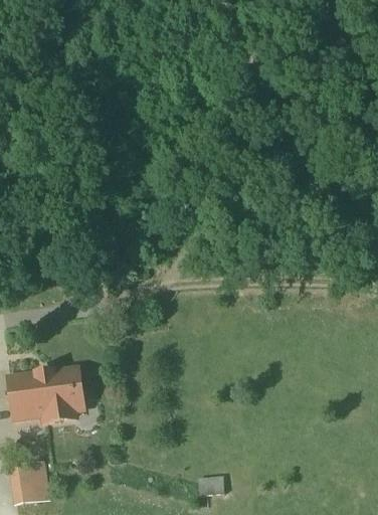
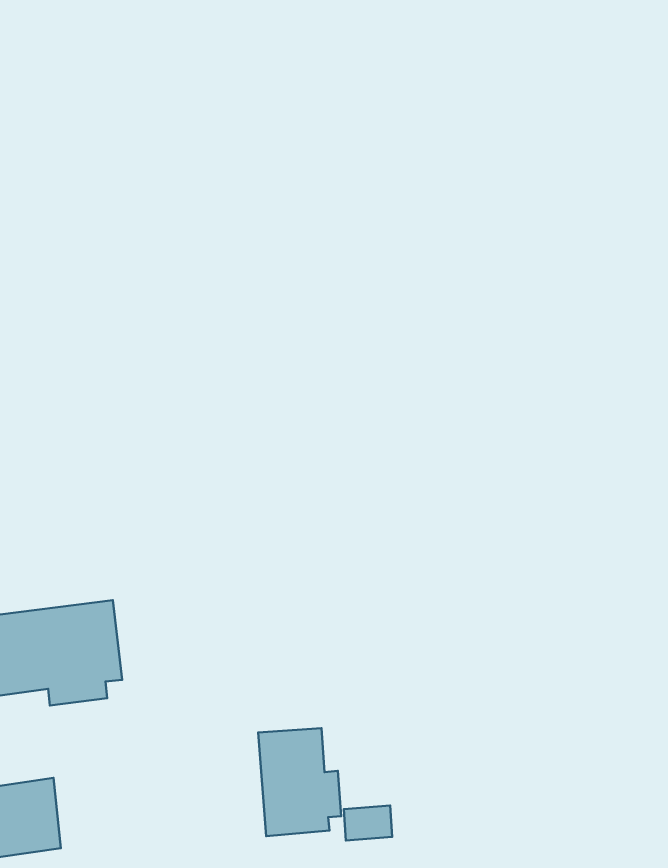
building: none -> [258,728,341,836]

